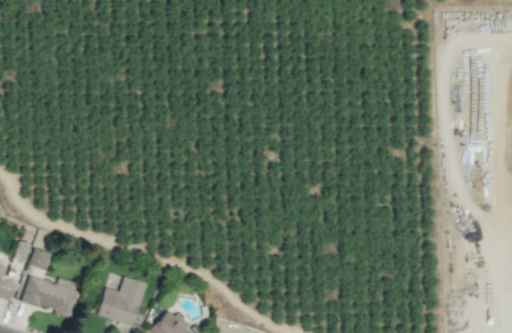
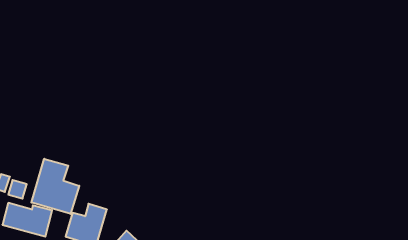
building: none -> [31,159,79,214]

